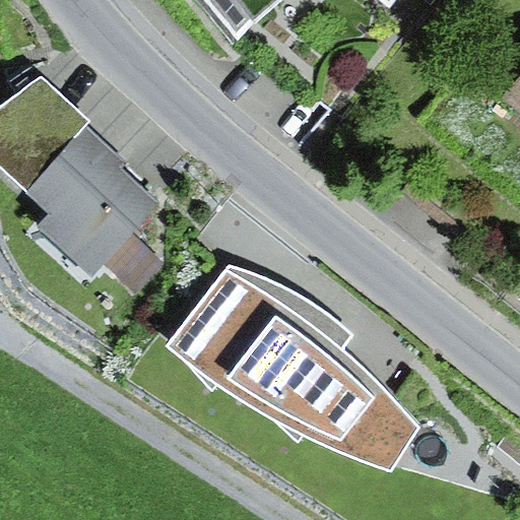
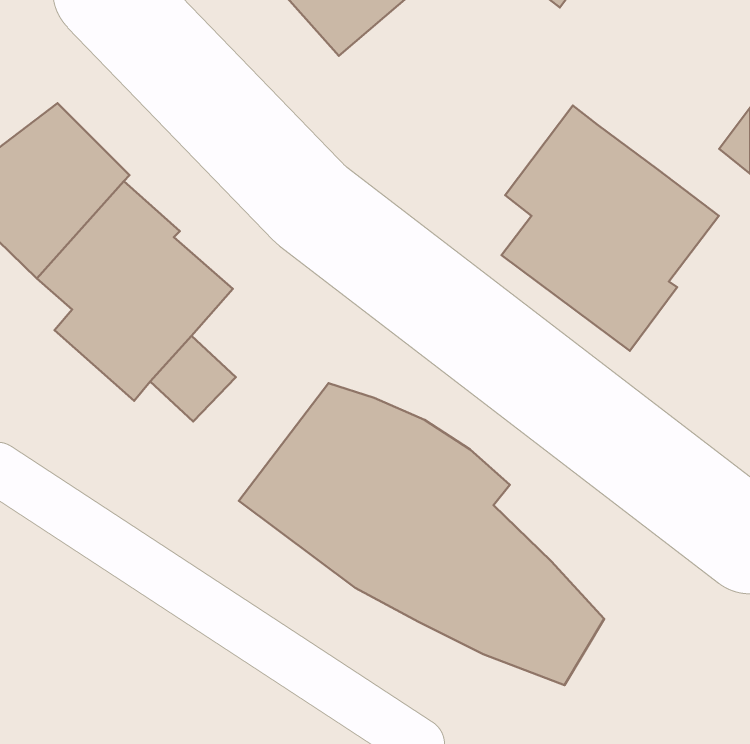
building: none -> [501,105,719,351]

